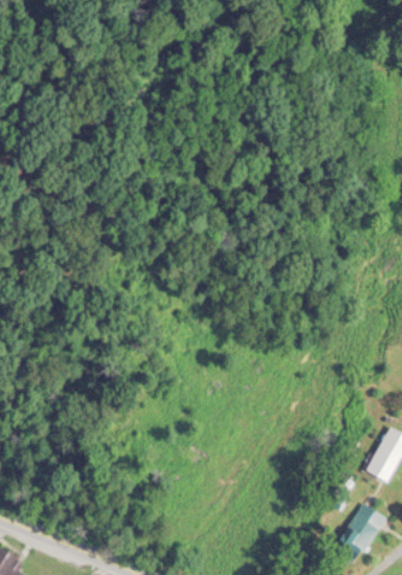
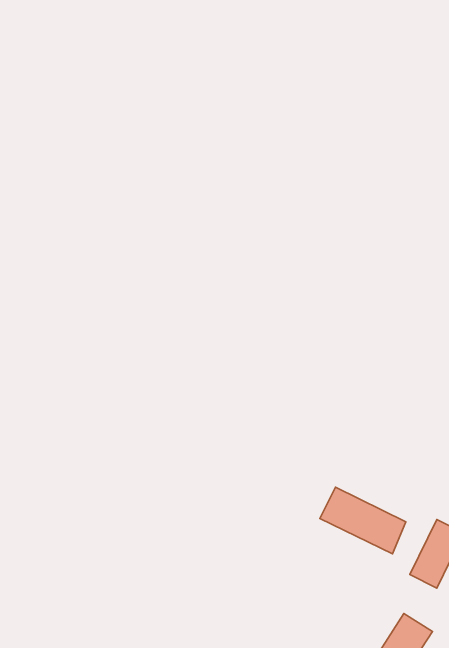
building: none -> [320,487,406,554]

